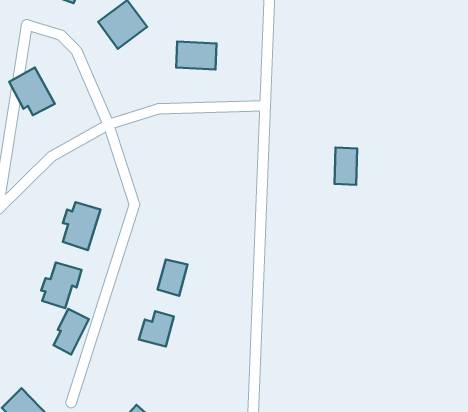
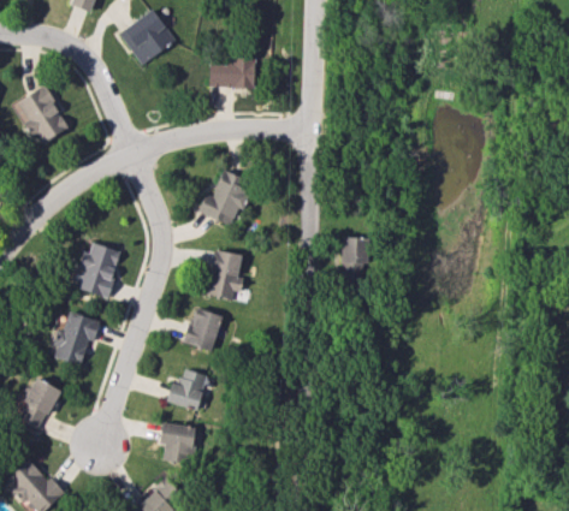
building: none -> [197,170,250,228]
building: [334,147,357,185] -> [342,237,368,280]
building: none -> [207,250,244,301]
building: [54,309,89,355] -> [19,378,60,430]
building: none -> [159,422,196,465]

